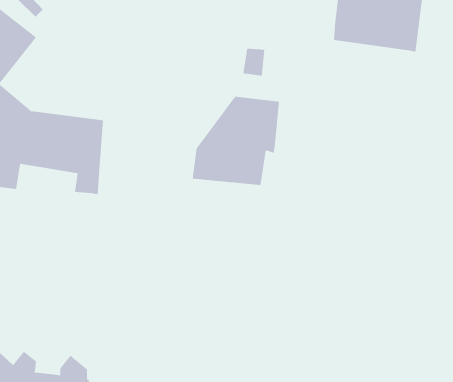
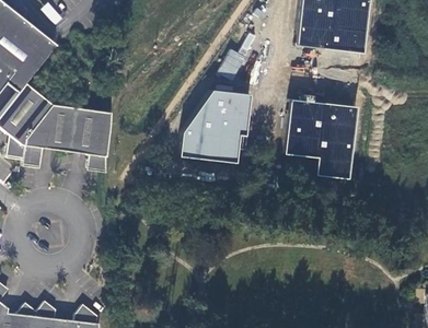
building: none -> [286,98,360,179]

